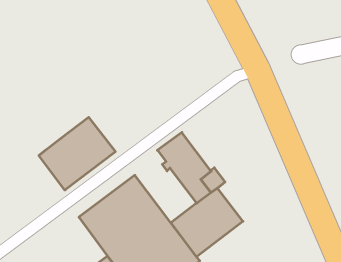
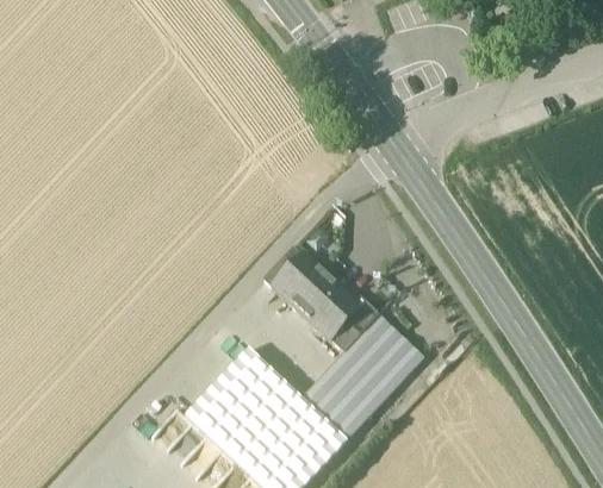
building: [39,117,115,190] -> none

